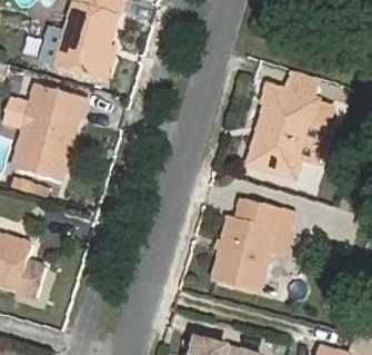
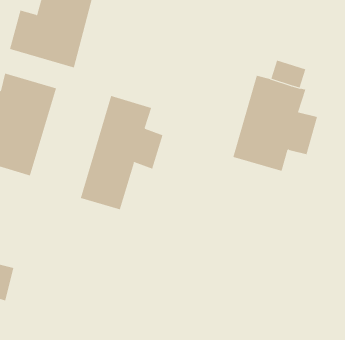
building: none -> [80,95,163,210]
building: [212,198,292,290] -> none

